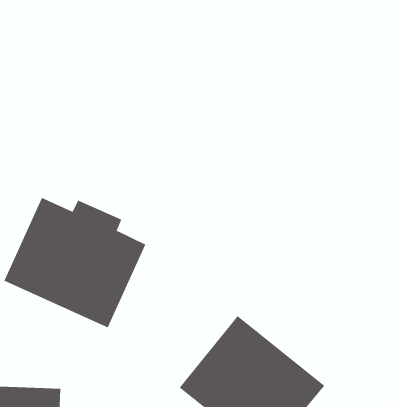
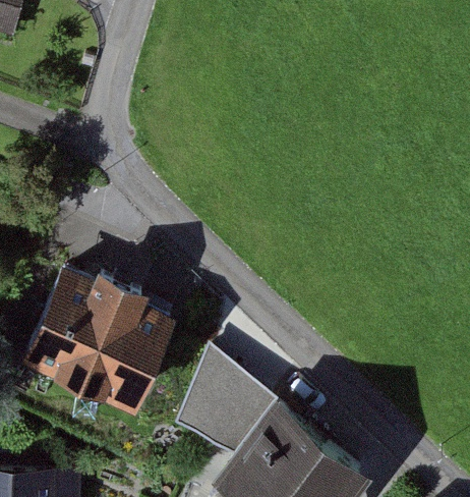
building: none -> [174,348,273,452]

